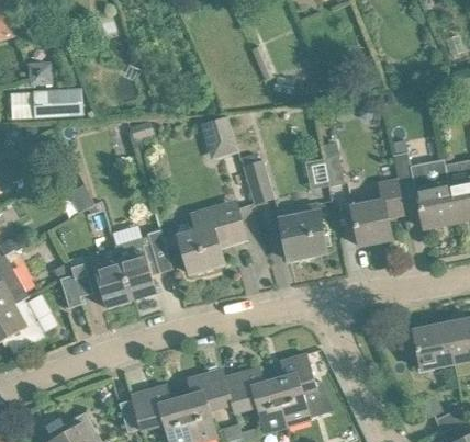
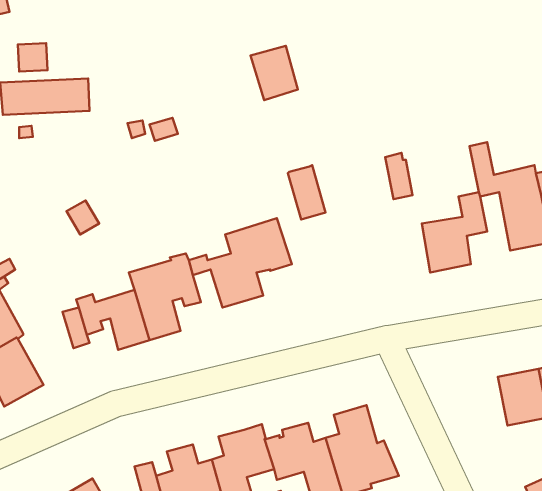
building: [199,116,237,160] -> [250,46,298,100]
building: [277,203,327,260] -> none

